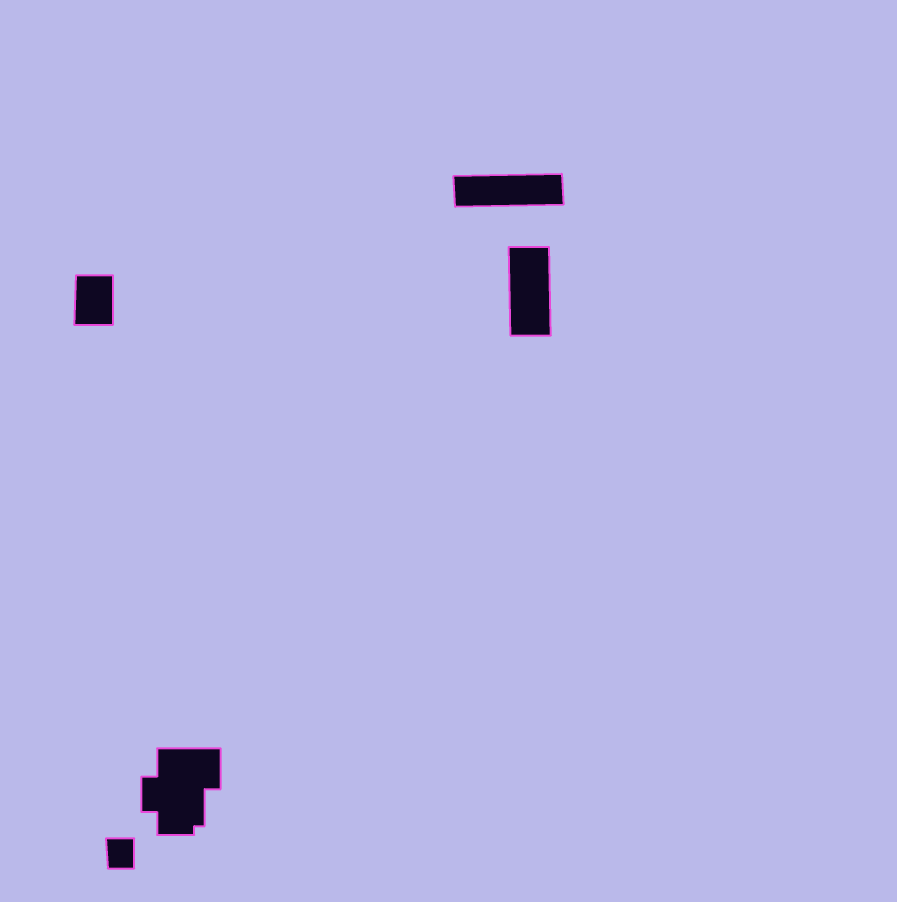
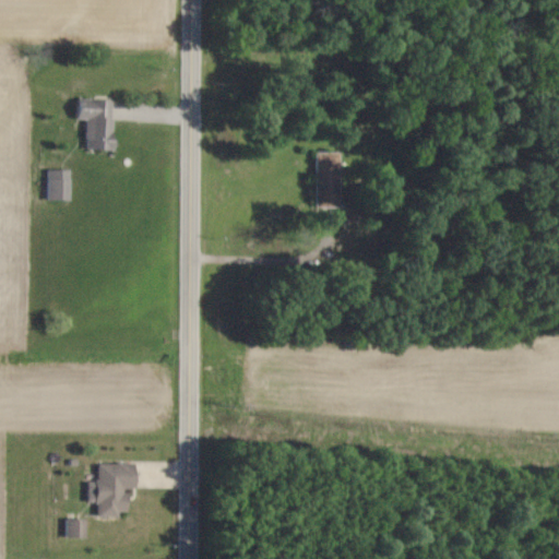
building: none -> [78,100,114,151]
building: [454,174,563,207] -> none

